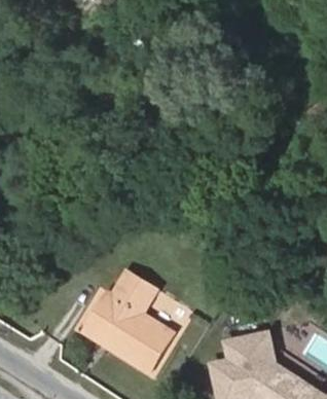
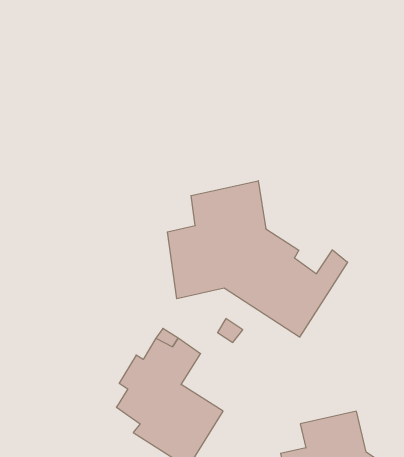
building: none -> [167,181,348,337]

